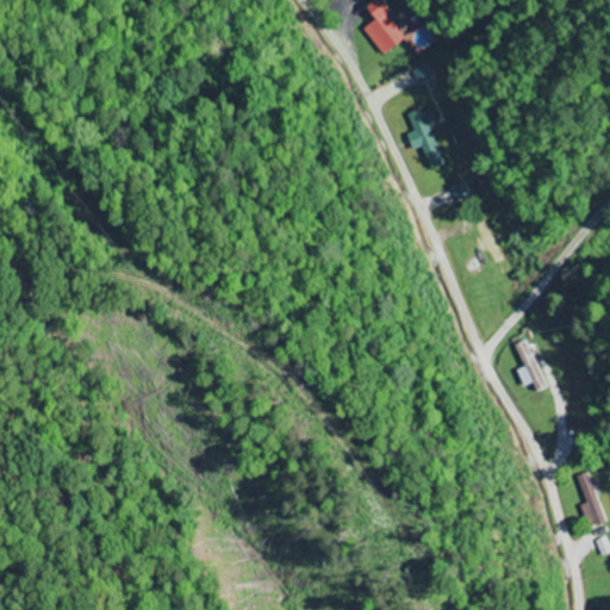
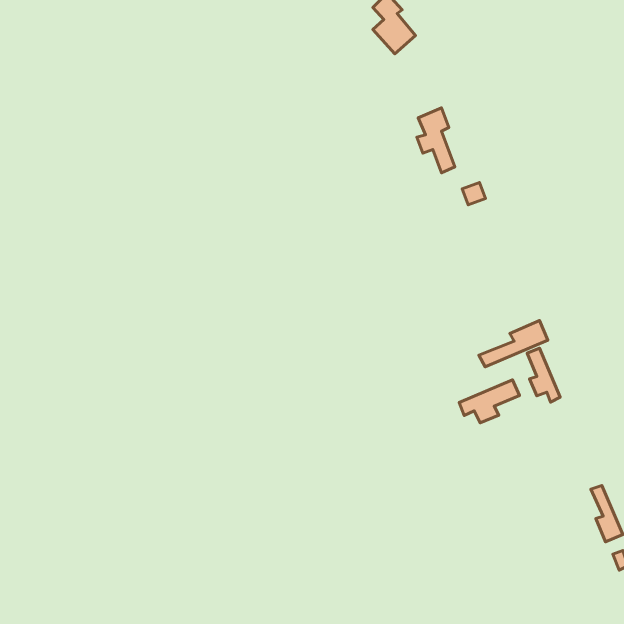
building: none -> [479,321,548,367]
building: none -> [459,380,519,423]

